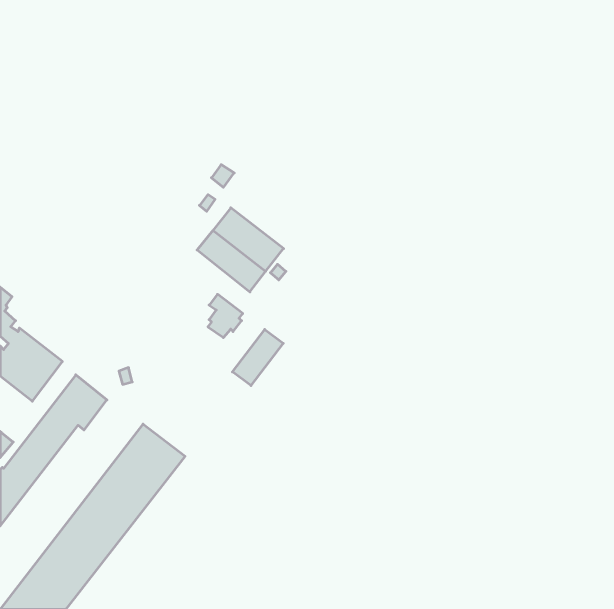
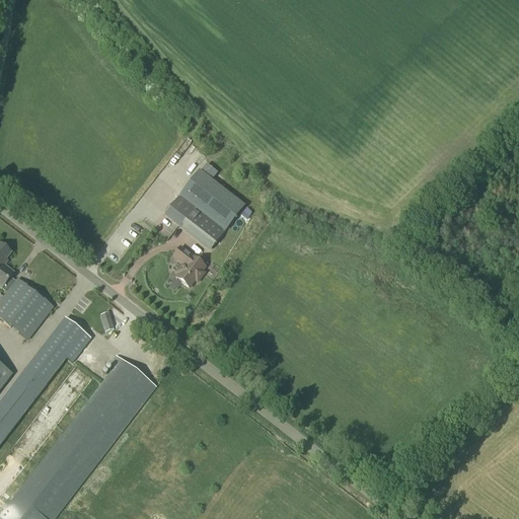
building: [232,329,283,386] -> none

